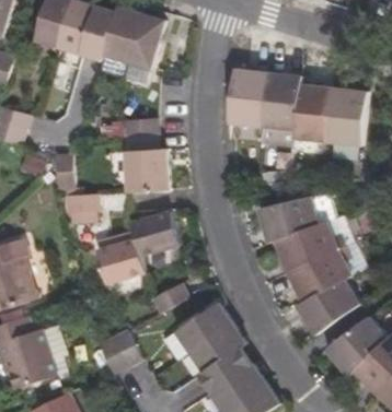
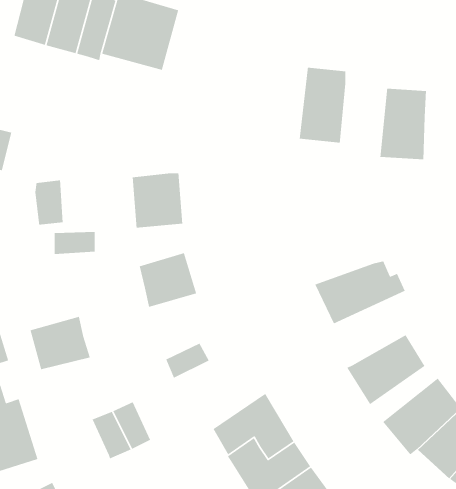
building: [221,64,266,125] -> none
building: [290,81,328,139] -> none
building: [124,120,159,154] -> none
building: [253,179,318,240] -> none
building: [99,242,147,284] -> [30,316,91,370]
building: [287,244,350,302] -> none
building: [177,303,233,352] -> none

